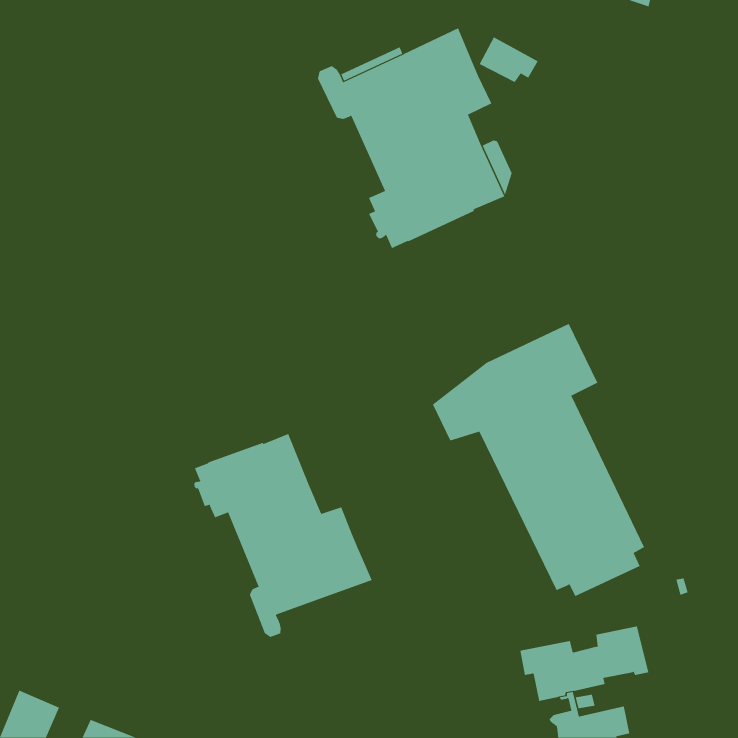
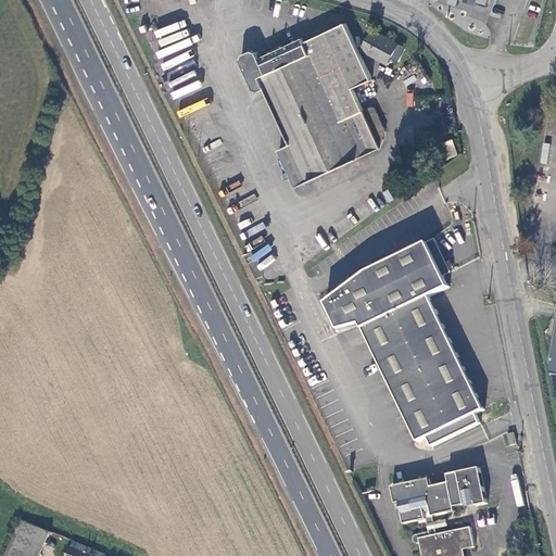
building: [194,433,373,638] -> none

